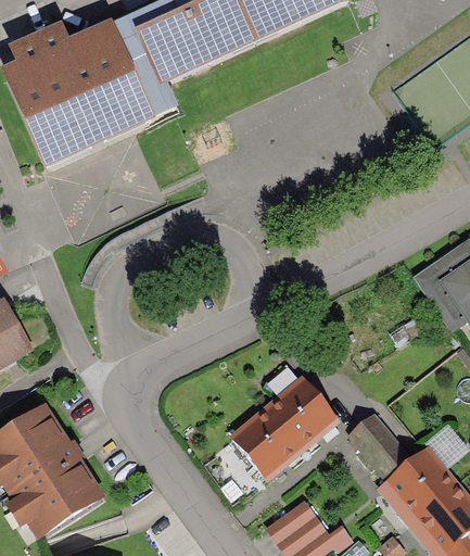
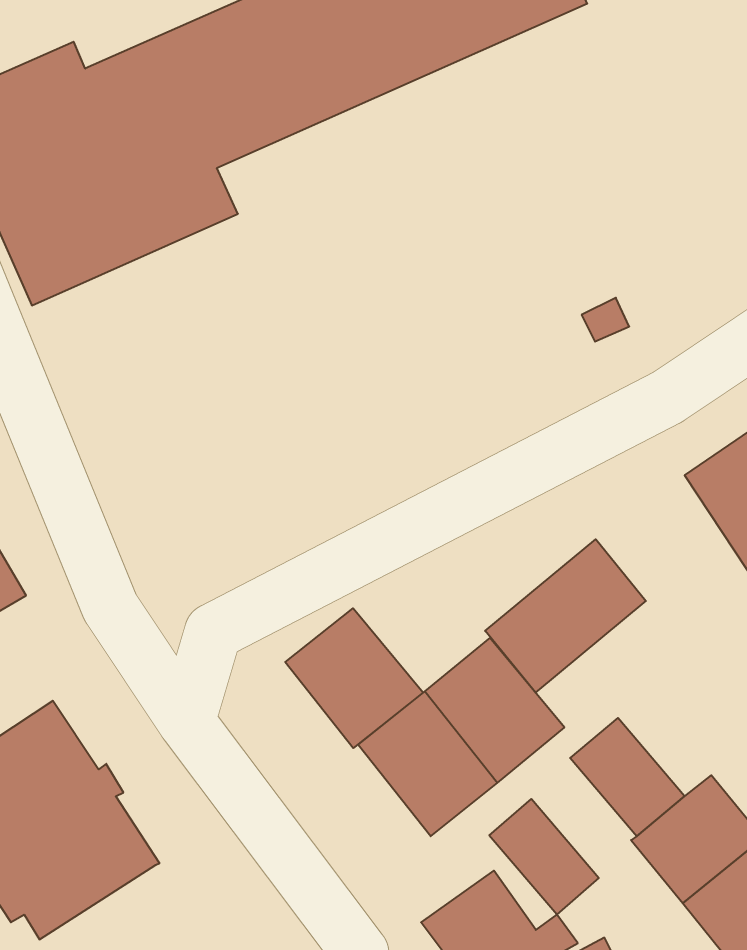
building: none -> [485,539,646,693]
building: none -> [285,608,423,748]
building: none -> [489,799,599,915]

